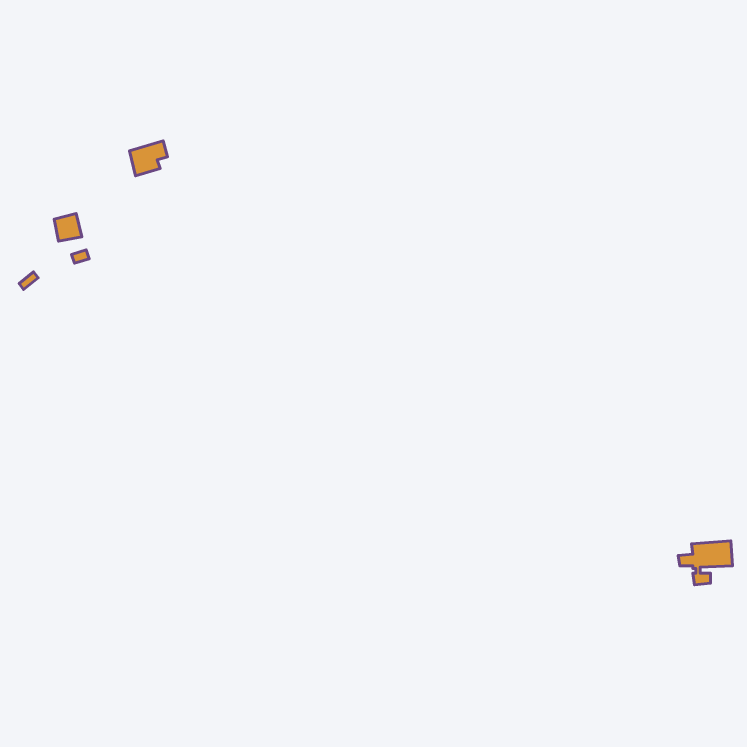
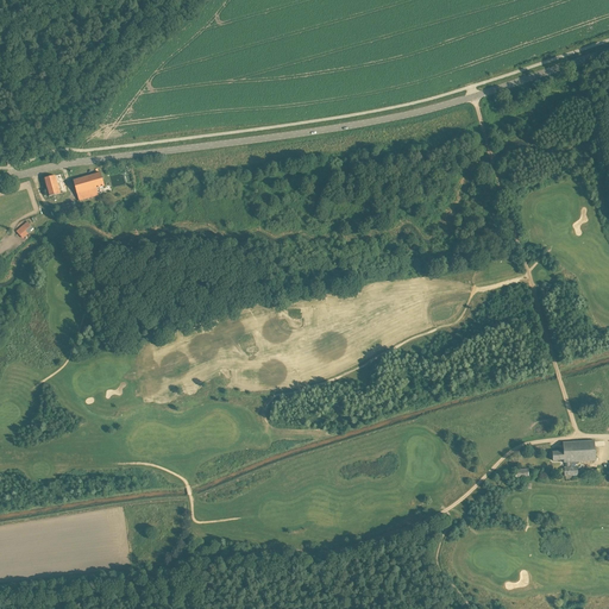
building: [130,141,168,176] -> [74,172,105,201]

